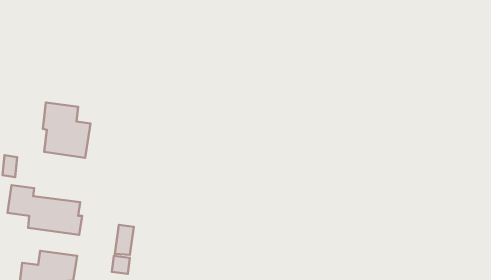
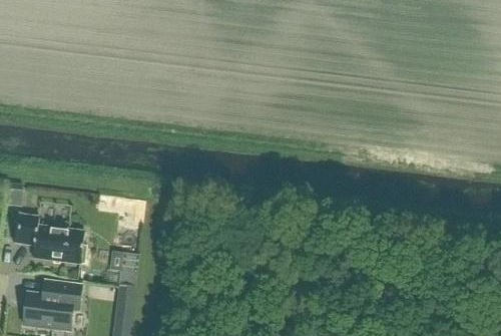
building: [43,103,90,158] -> none

